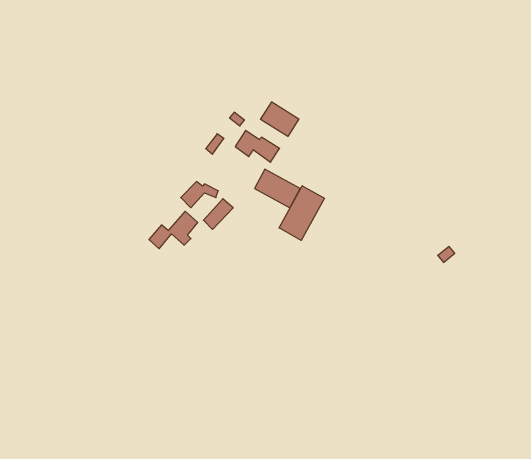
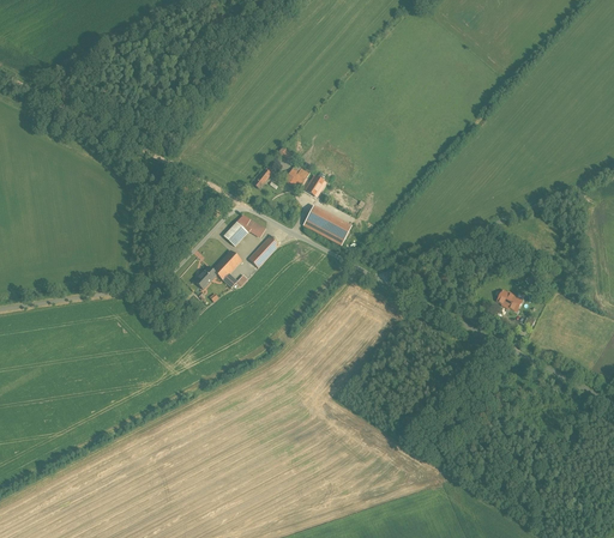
building: [261,102,299,136] -> none
building: [279,186,324,240] -> none

